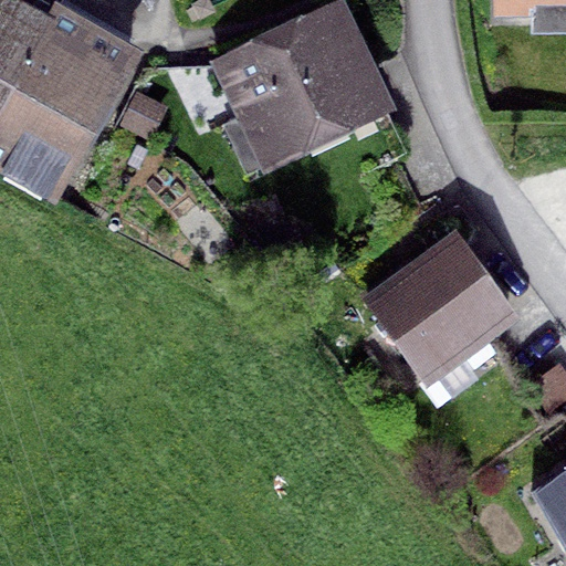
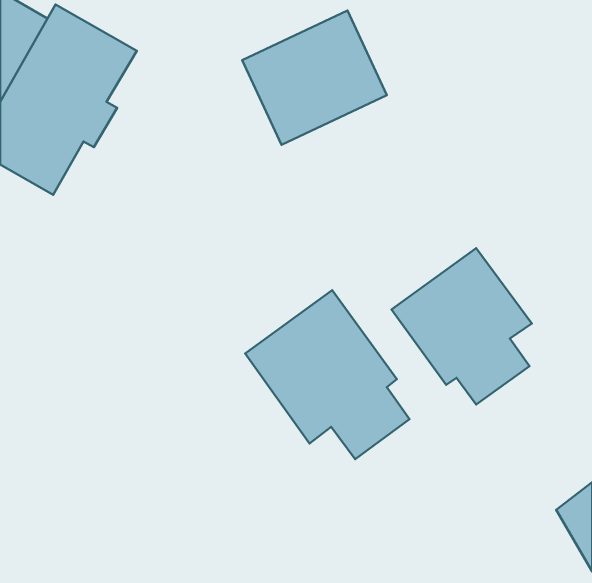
building: none -> [245,290,410,459]

